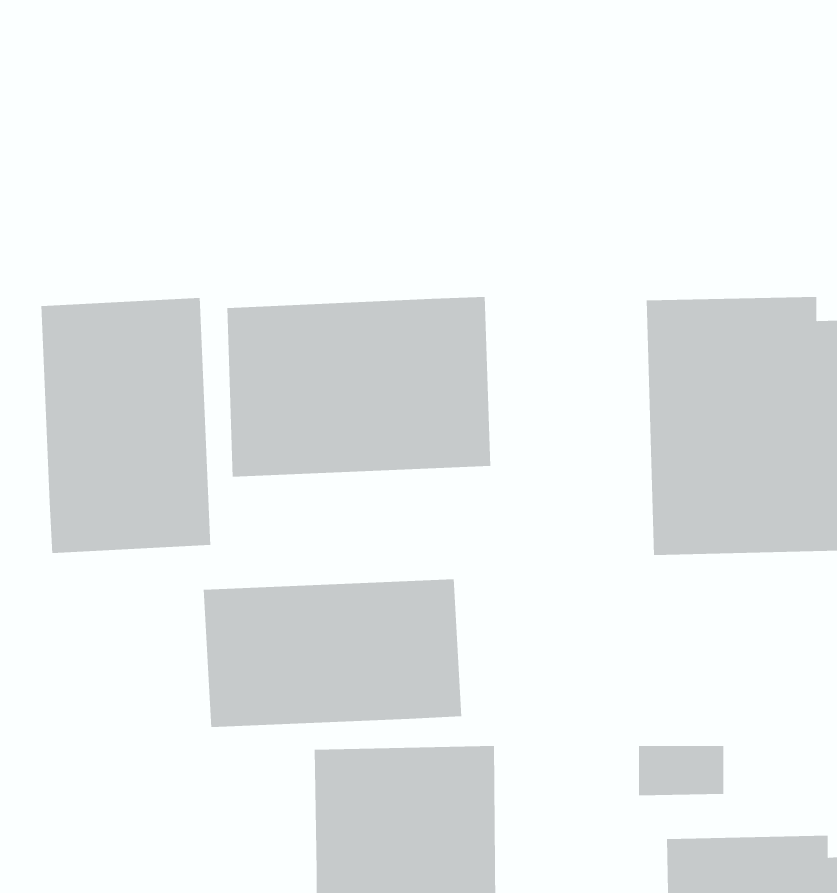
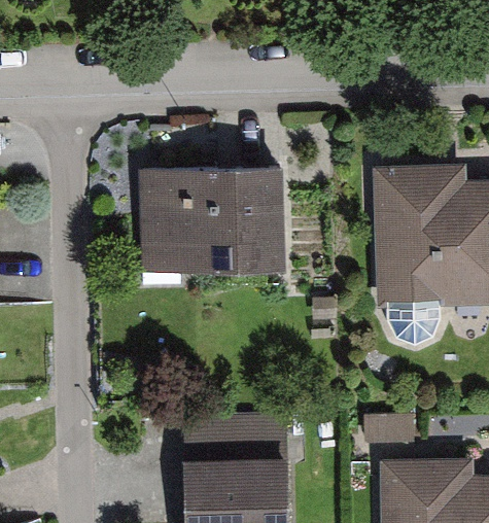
building: [41,297,211,554] -> none
building: [203,578,462,728] -> none

